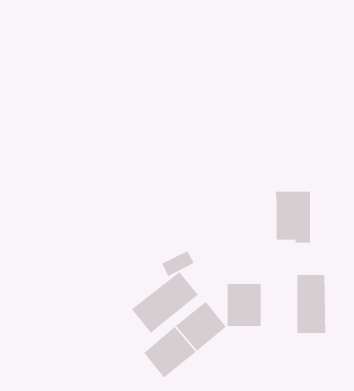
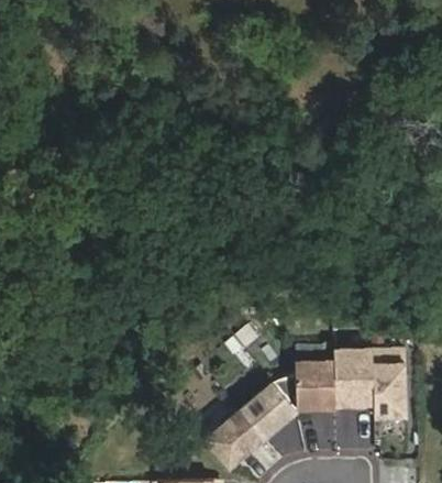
building: [275,191,311,244] -> [334,350,374,408]
building: [131,271,199,334] -> none

